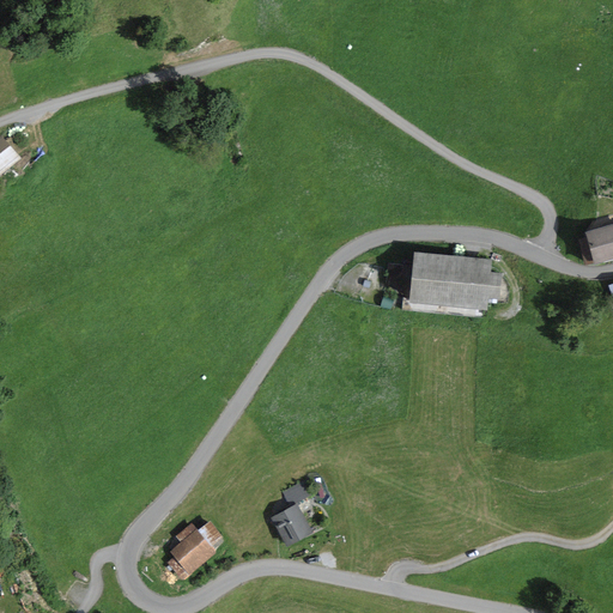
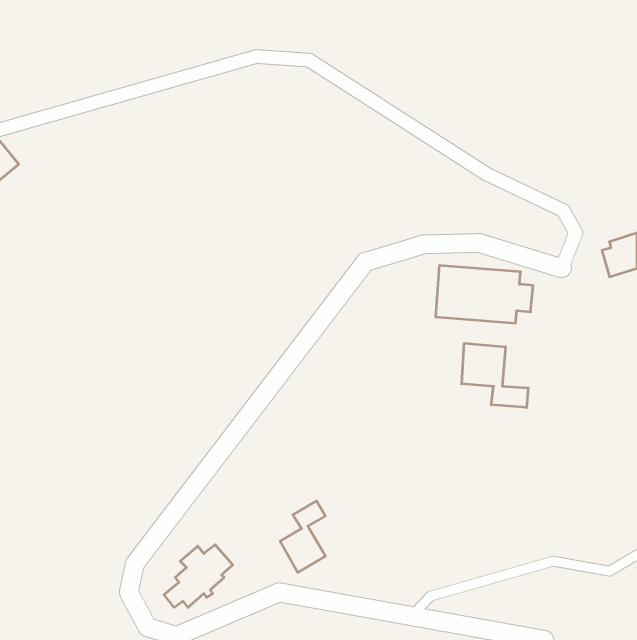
building: none -> [462,343,528,408]

